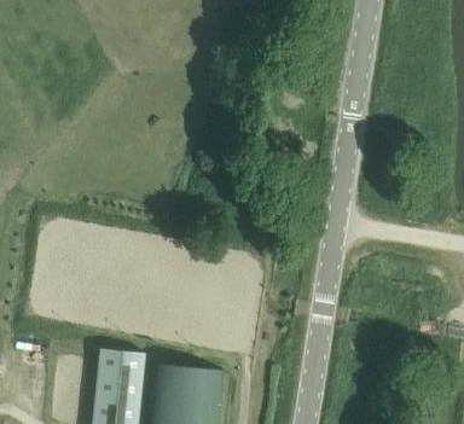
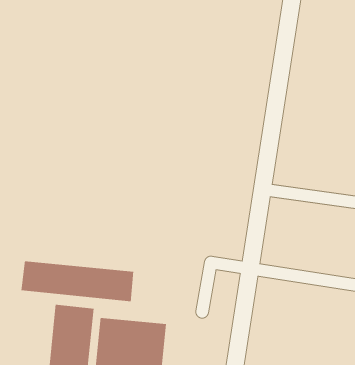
building: none -> [21,260,134,302]

